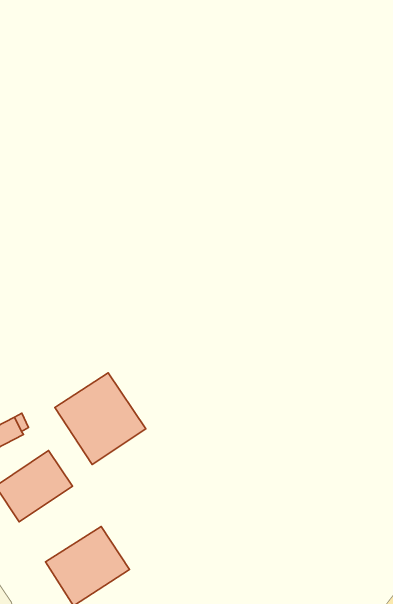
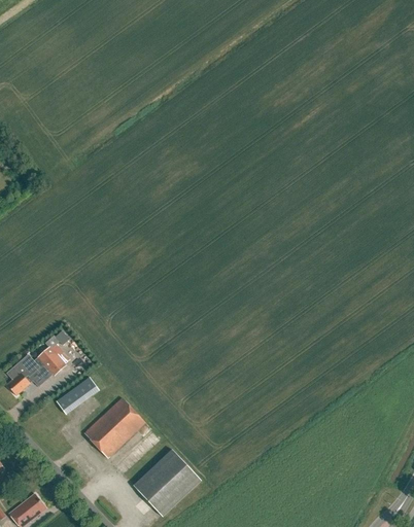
building: [55,373,146,465] -> none

